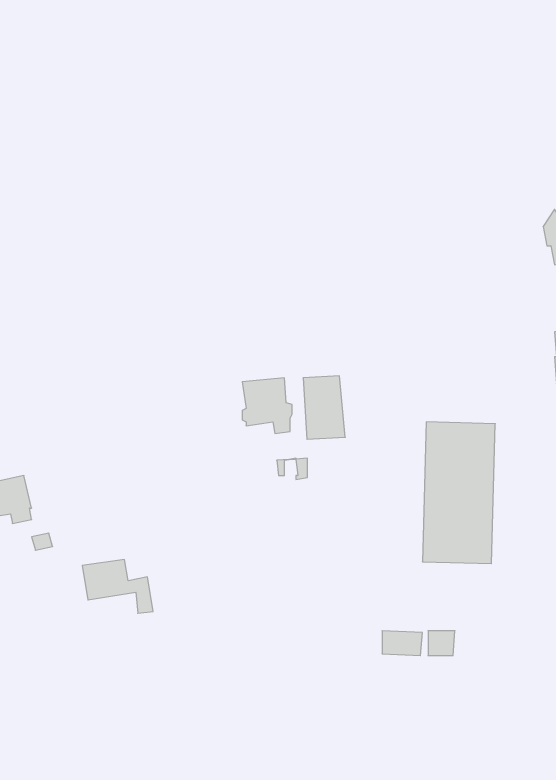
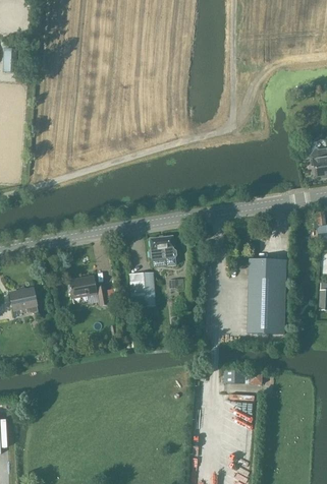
building: [303,376,345,439] -> [130,273,153,306]
building: [82,560,153,613] -> [70,276,108,304]

